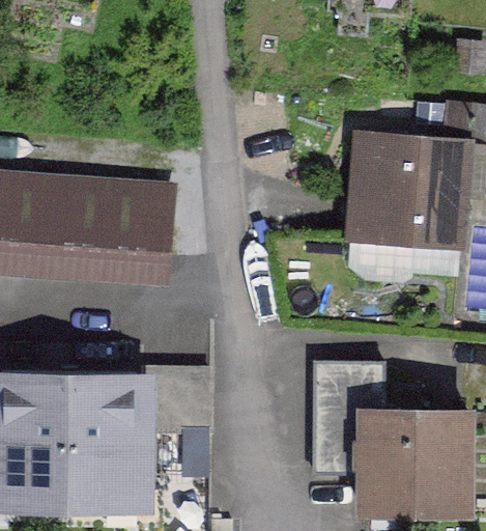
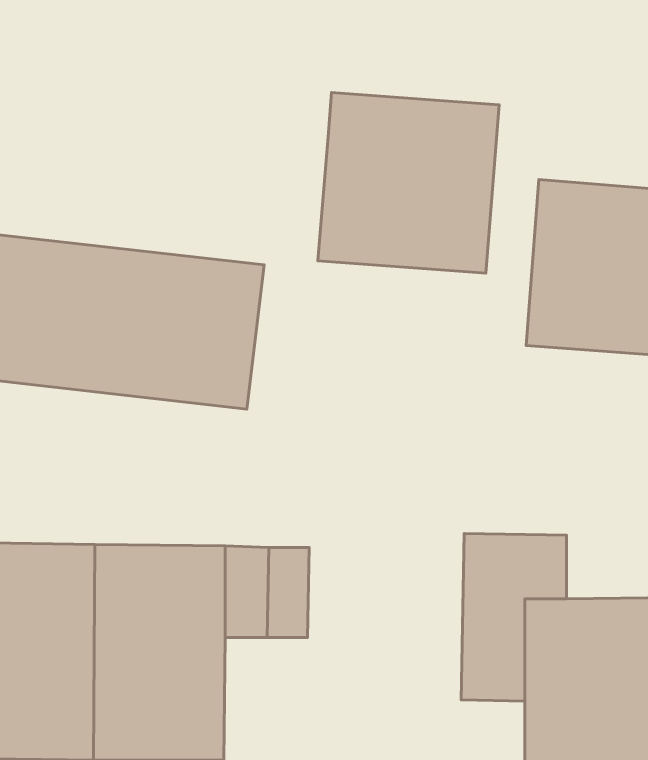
building: none -> [318,93,499,273]

